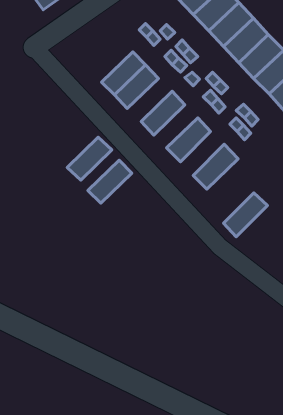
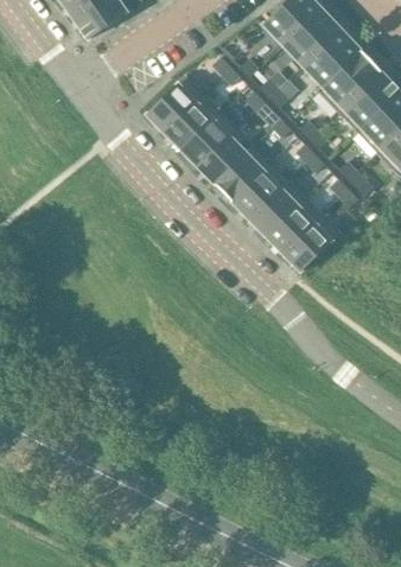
building: none -> [146,75,204,133]
building: [67,137,112,180] -> [197,128,255,184]
building: [88,160,132,203] -> [231,163,288,218]
building: [223,193,267,237] -> [266,197,323,254]

